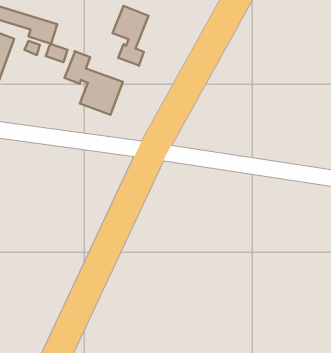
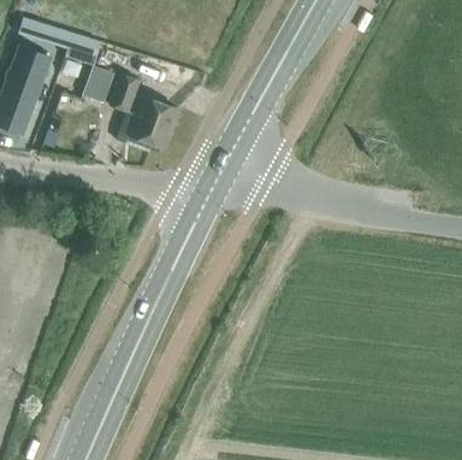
building: [113,6,149,66] -> none

